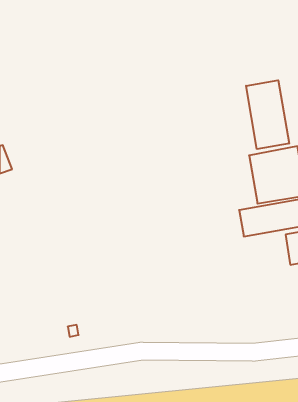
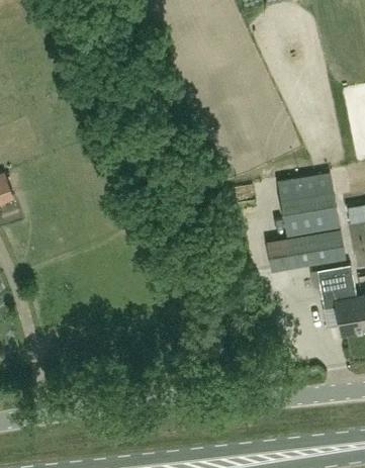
building: [246,80,289,149] -> none

